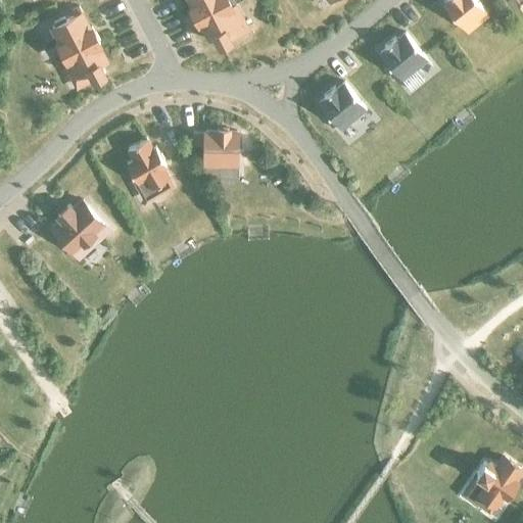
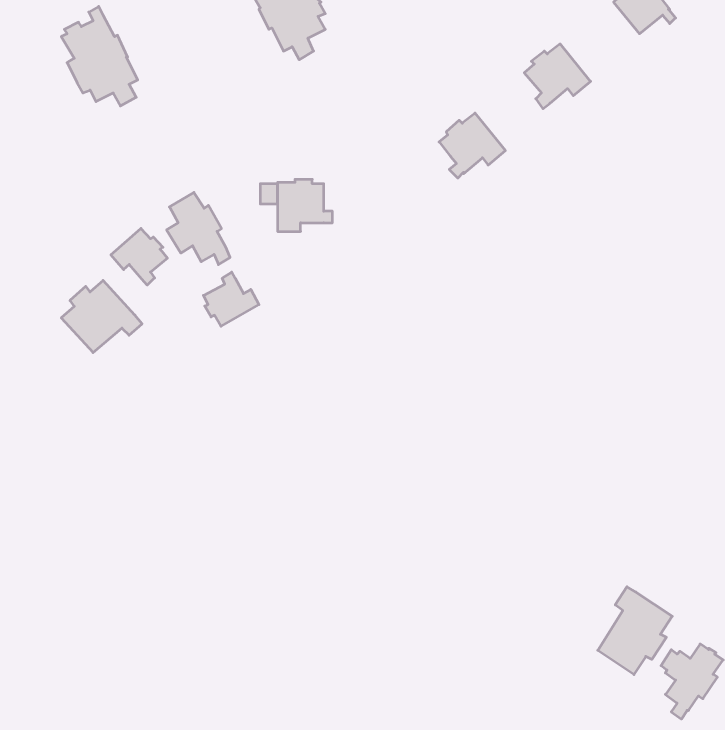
building: none -> [111,228,167,285]
building: none -> [203,272,259,326]
building: none -> [598,587,672,675]

